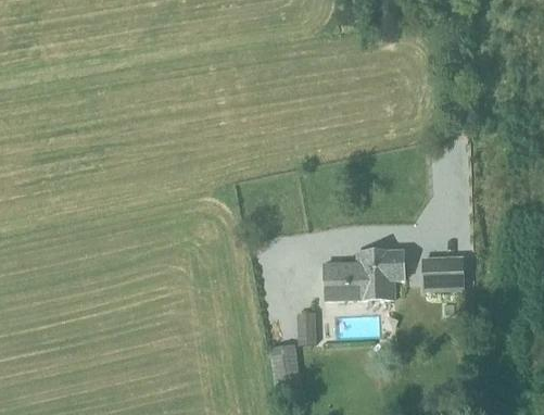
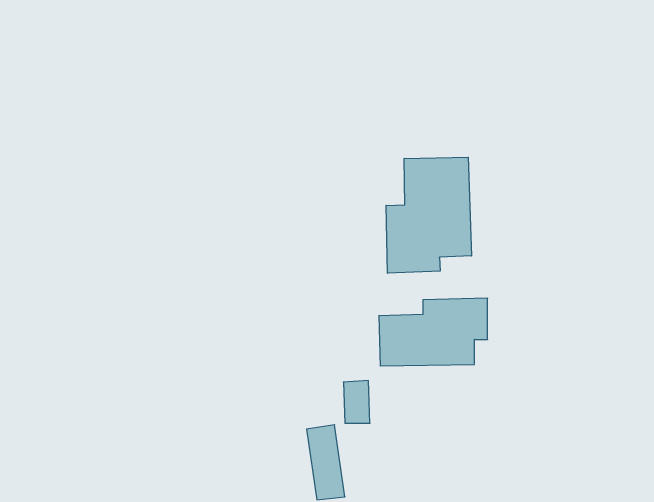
building: none -> [386,157,471,273]
building: [422,255,465,291] -> none

